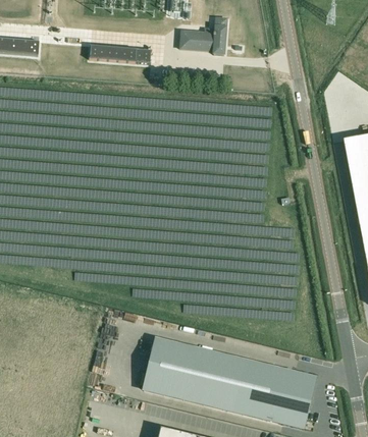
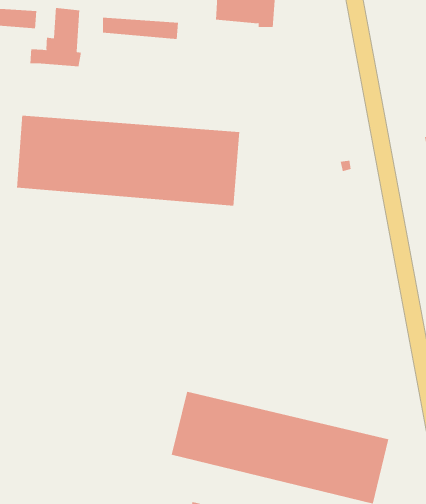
building: none -> [30,7,81,67]
building: none -> [16,115,240,206]

